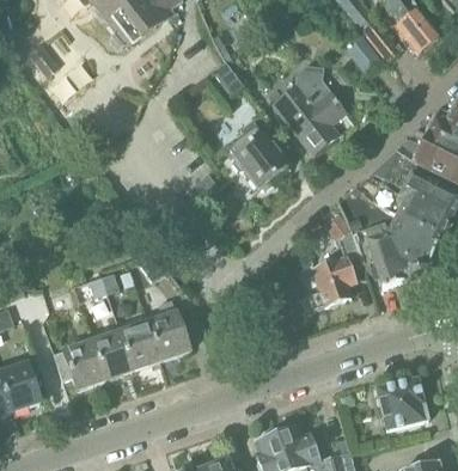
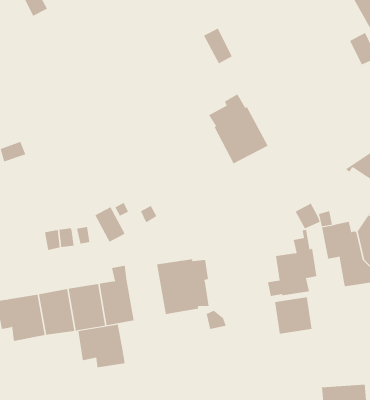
building: [275,67,344,151] -> none
building: none -> [157,258,209,315]
building: none -> [274,297,312,334]
building: none -> [78,324,125,368]

